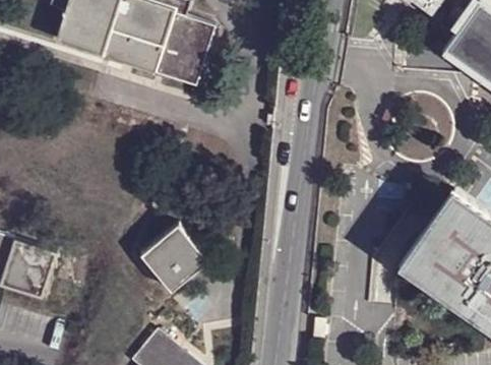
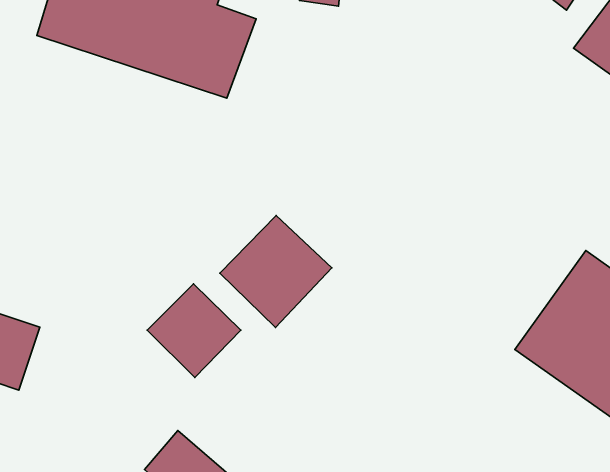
building: none -> [220,215,332,327]

